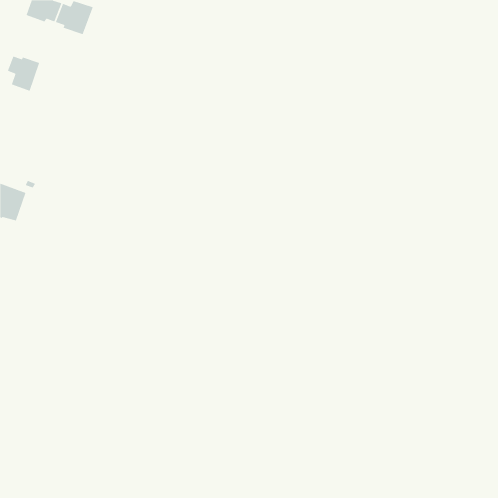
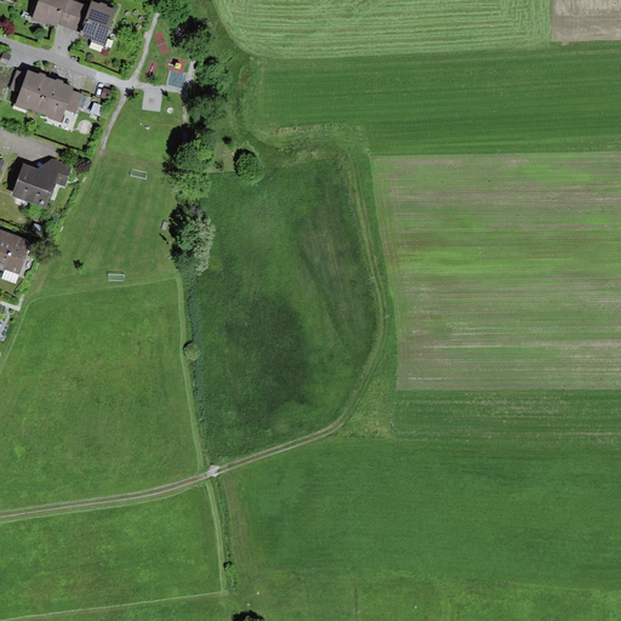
building: none -> [38,78,80,121]
building: none -> [10,158,73,210]

